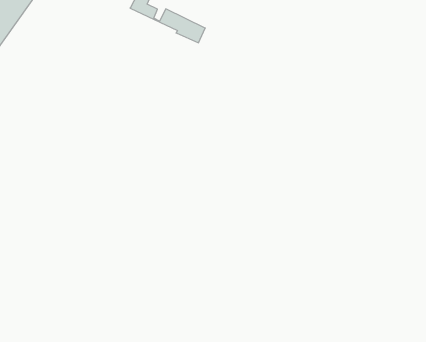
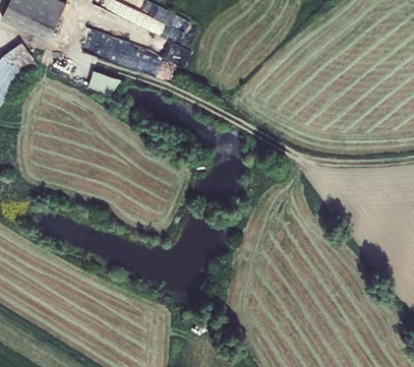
building: none -> [86,69,118,97]

